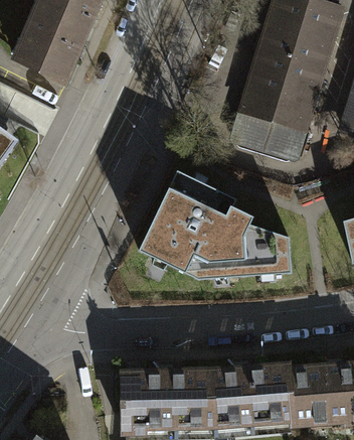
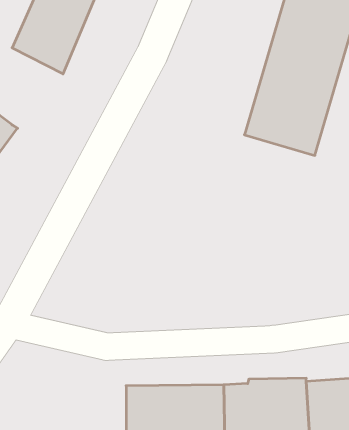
building: [139,172,291,280] -> none

